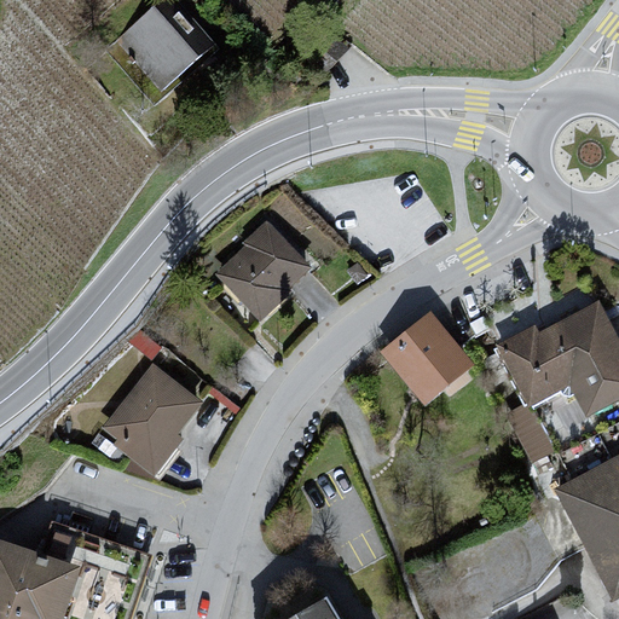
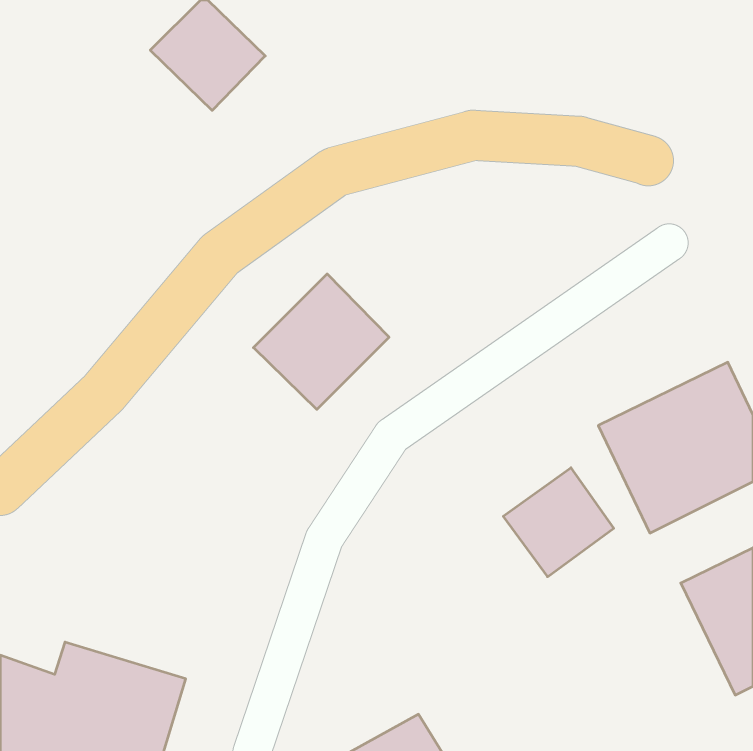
building: [376,310,467,399] -> [503,468,614,577]
building: [93,366,201,476] -> none

